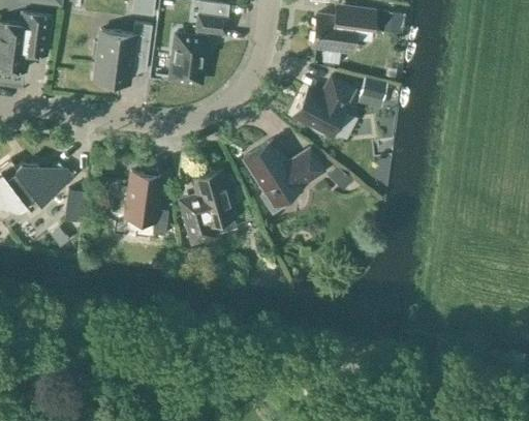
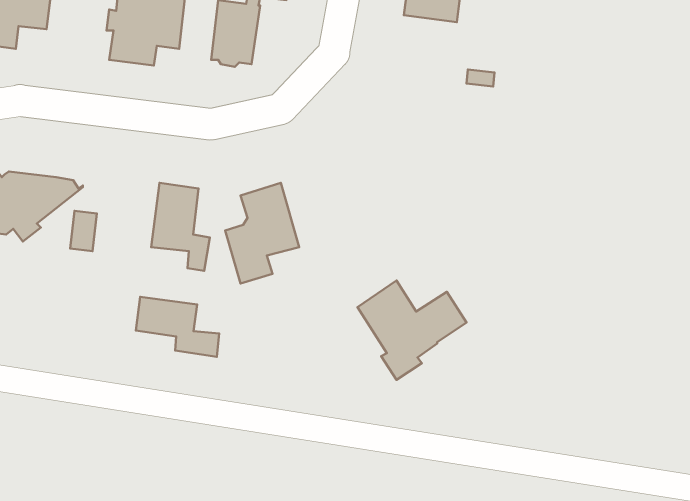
building: [292,78,352,137] -> none
building: [243,141,323,214] -> [358,281,466,380]
building: none -> [136,297,219,357]

